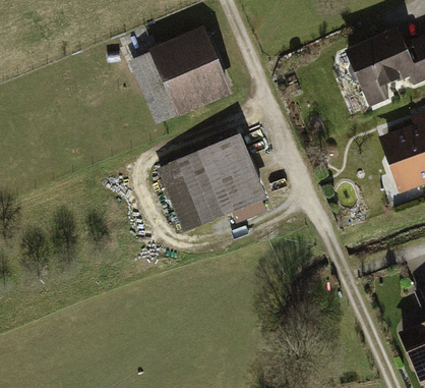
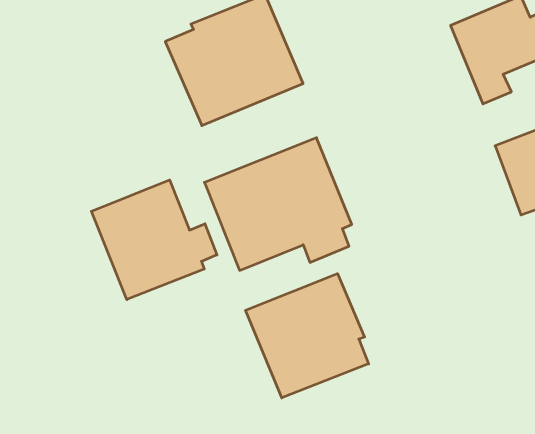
building: none -> [91,180,217,300]
building: none -> [246,274,369,398]

